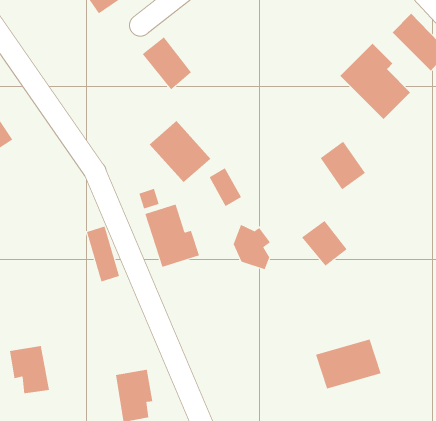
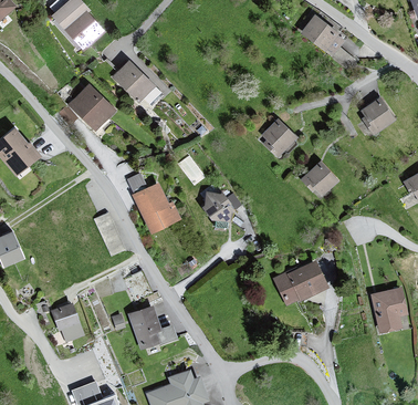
building: [340,43,411,120] -> none
building: [149,120,211,183] -> [64,84,112,129]
building: [301,220,347,267] -> [300,160,335,195]

